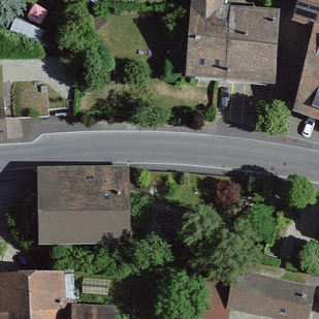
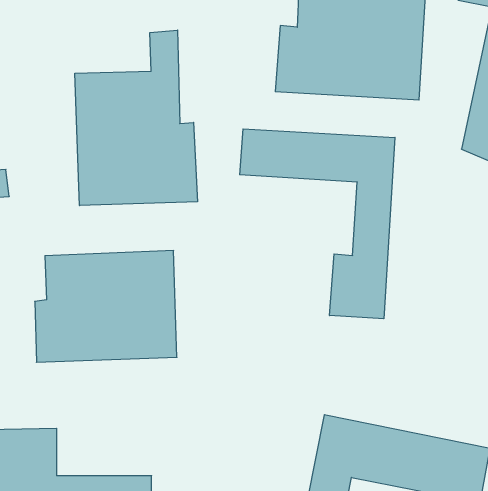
building: none -> [75,30,197,206]
building: none -> [240,129,395,319]

